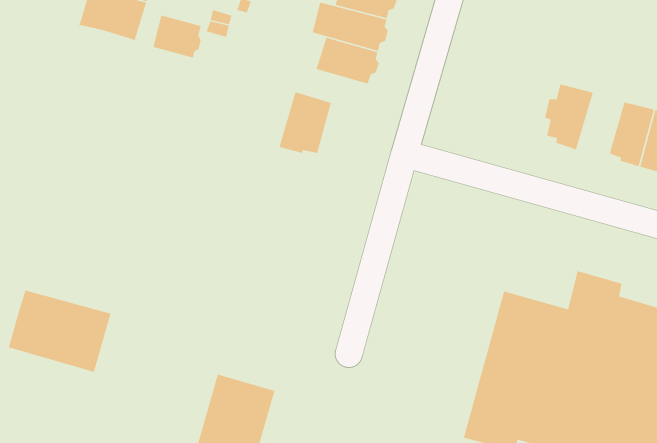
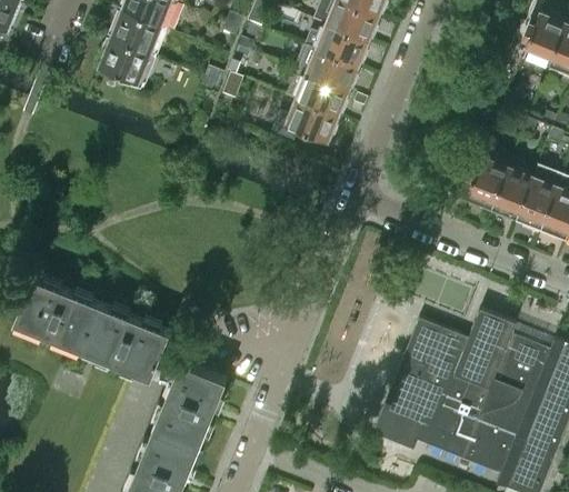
building: [153,15,202,59] -> none
building: [279,91,332,154] -> none
building: none -> [490,164,532,215]
building: none -> [82,301,161,375]

